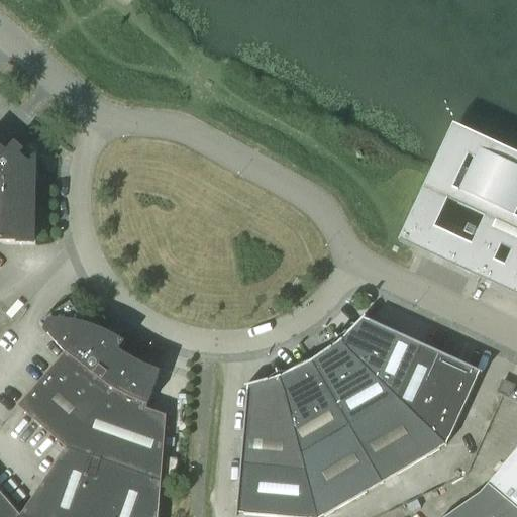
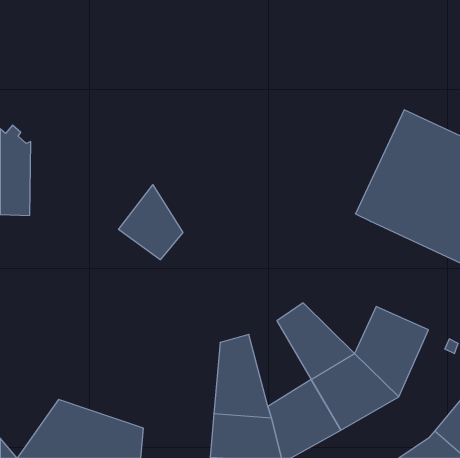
building: none -> [119,185,183,260]
building: [19,301,167,480] -> none
building: [340,316,422,396] -> none
building: [280,359,349,455] -> none

